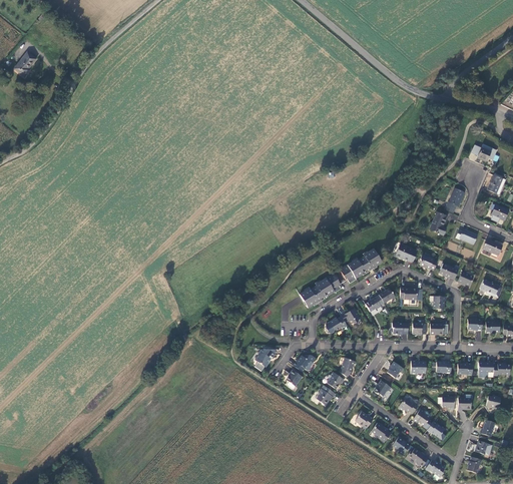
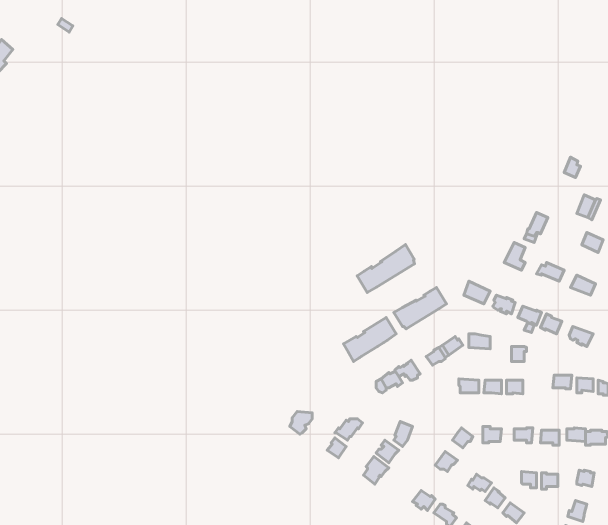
building: none -> [357,245,414,292]

